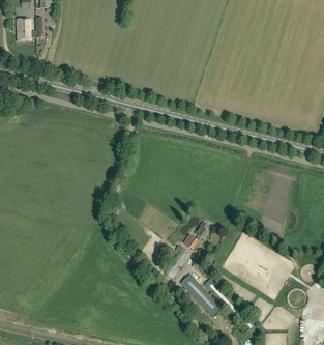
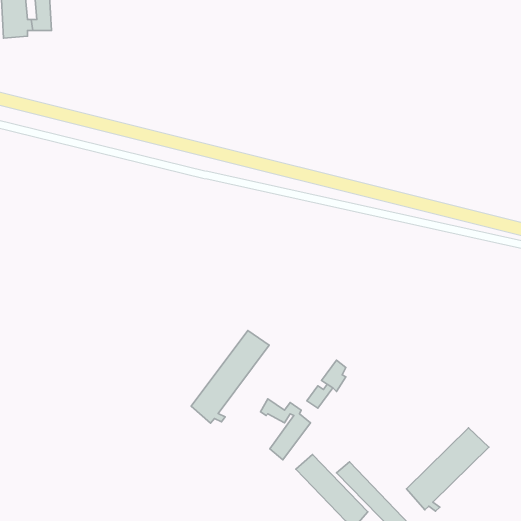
building: none -> [191,330,269,423]
building: none -> [406,428,489,511]

